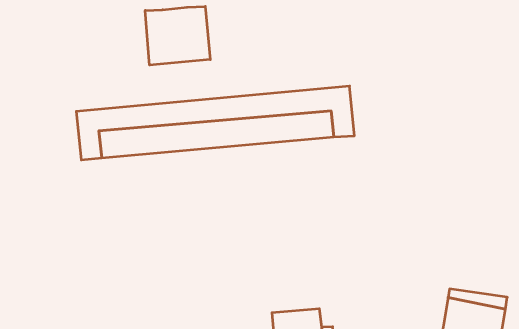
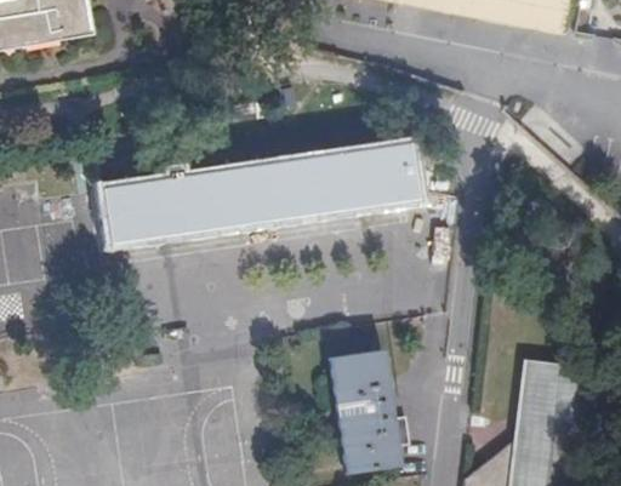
building: [145,6,210,65] -> none
building: none -> [326,349,387,402]

